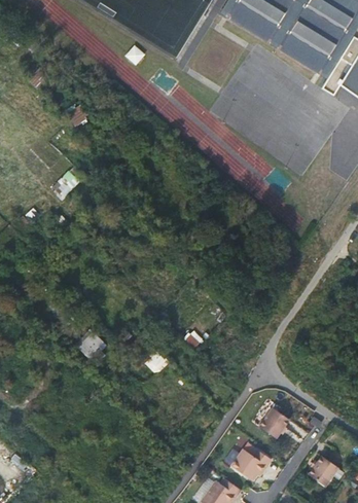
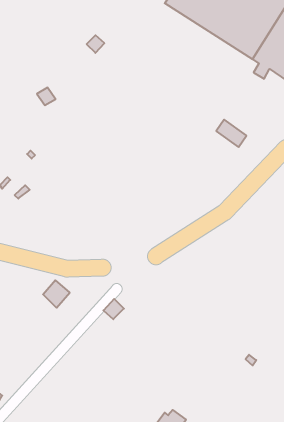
building: [260,405,291,436] -> none
building: [232,450,274,481] -> none
building: [308,456,337,487] -> none

